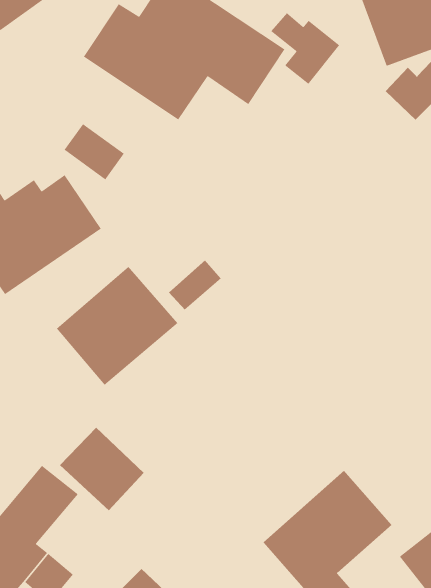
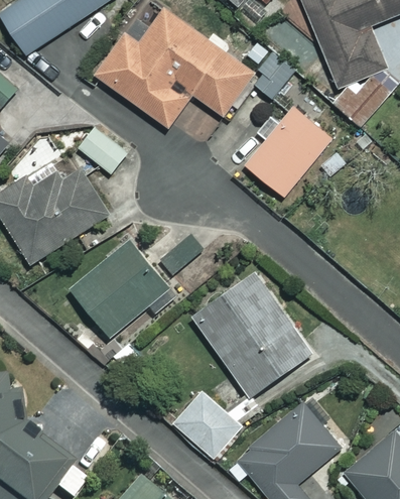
building: none -> [246,107,331,197]
building: none -> [191,276,307,396]
building: [59,427,145,511] -> [173,392,241,459]

